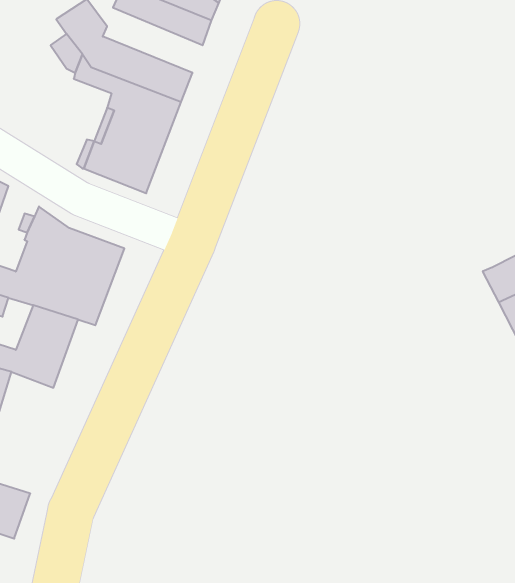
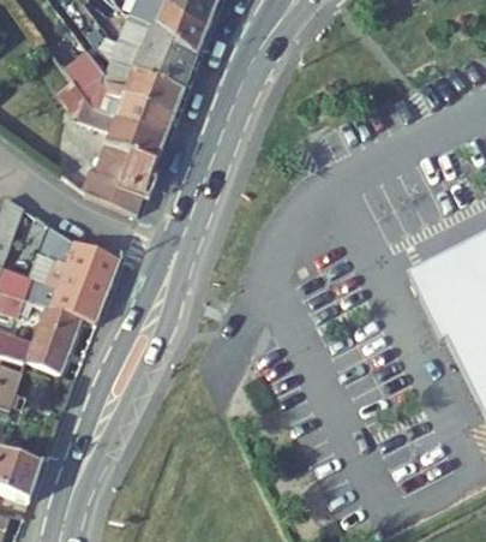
building: none -> [101,59,184,113]

